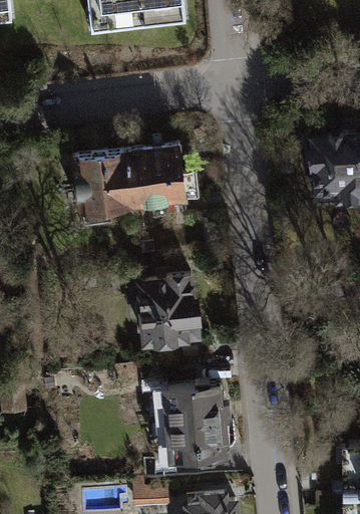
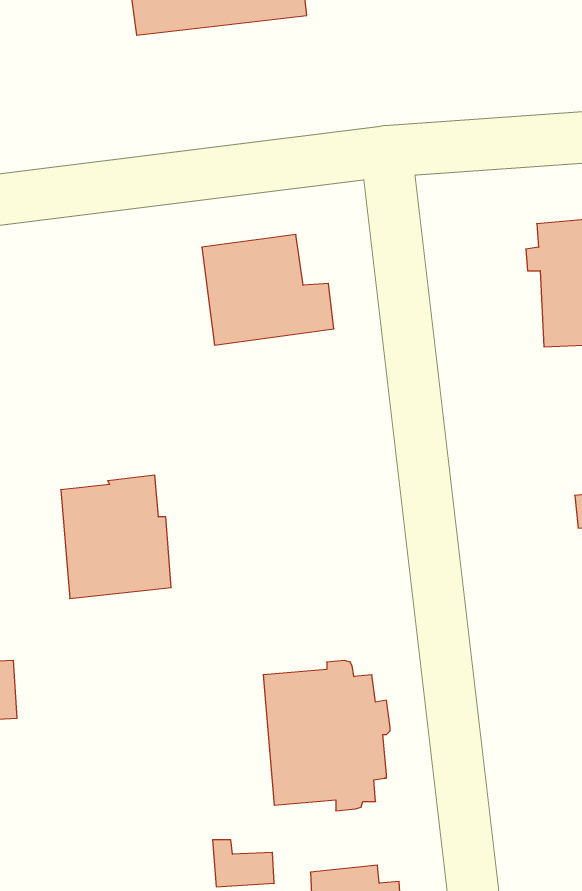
building: [71,151,132,225] -> none
building: [137,275,199,343] -> [61,475,171,599]

